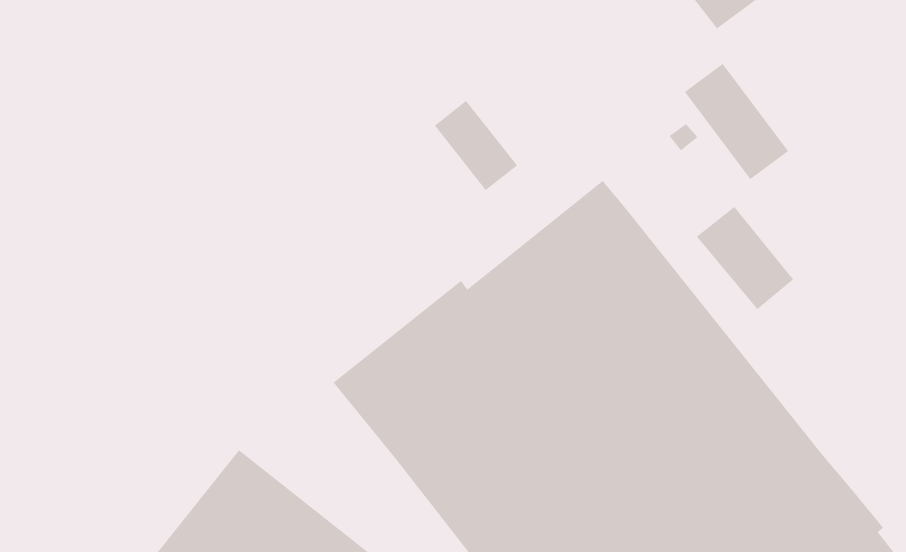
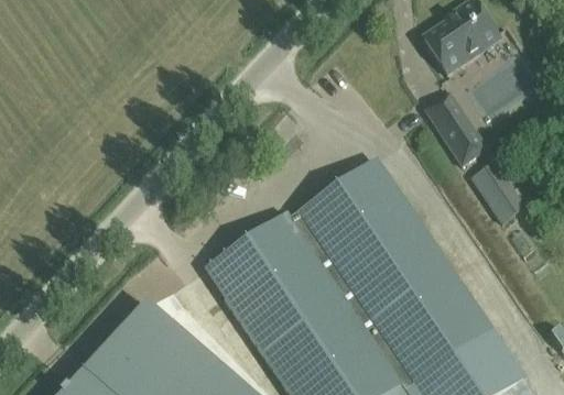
building: [434,100,518,191] -> none
building: [696,206,794,310] -> [468,157,524,220]

